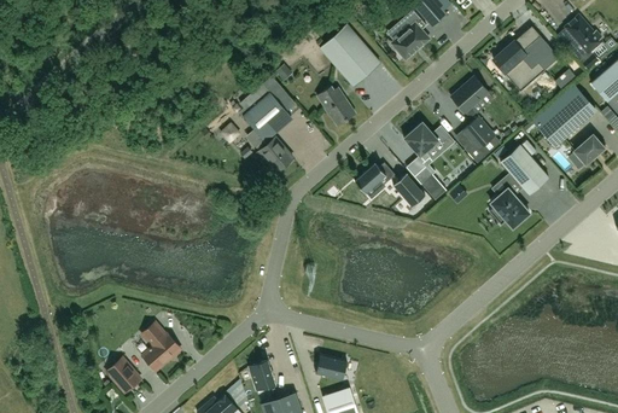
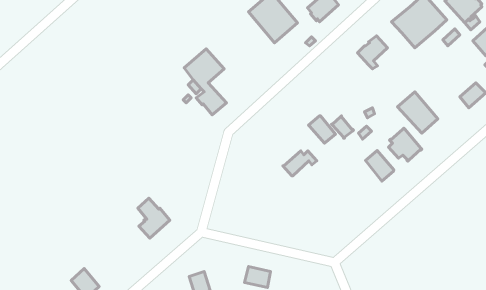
building: [316,87,355,126] -> none
building: [538,99,589,147] -> none
building: [462,117,501,163] -> none
building: [403,122,438,162] -> none
building: [354,163,395,193] -> [283,151,317,176]
building: none -> [365,150,394,181]
building: [141,322,180,371] -> [138,198,170,238]

